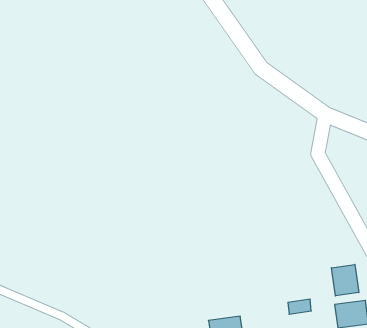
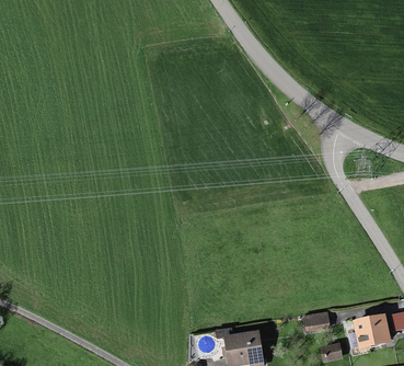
building: [331,264,359,296] -> none

